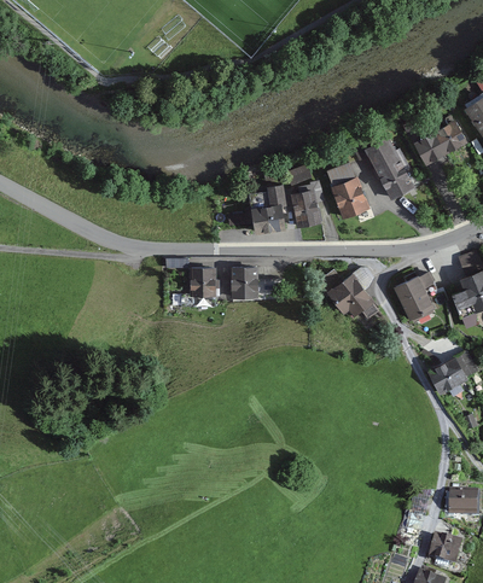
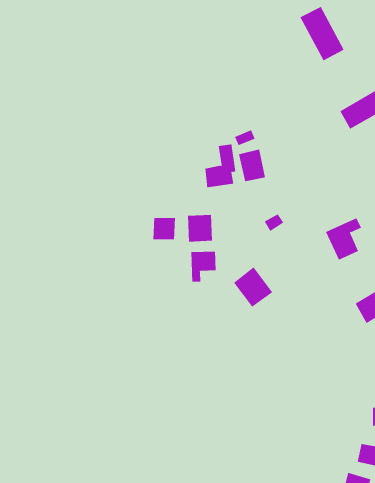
building: [365,135,418,200] -> [300,6,345,61]
building: [325,161,368,217] -> none
building: [330,272,377,320] -> [233,267,273,307]
building: none -> [191,251,216,282]

